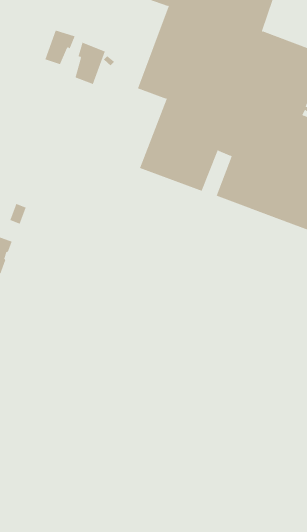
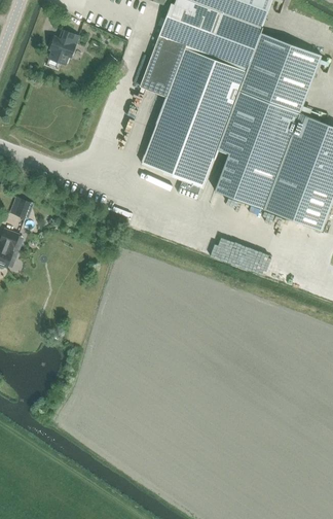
building: [75,42,105,85] -> none

